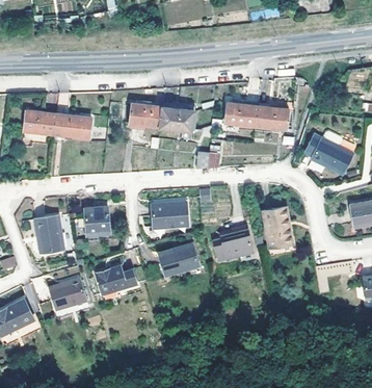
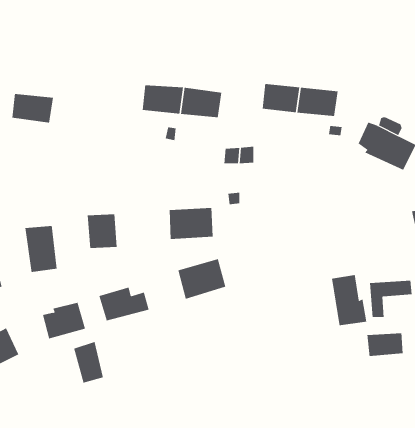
building: [54,113,91,137] -> none
building: [263,209,292,251] -> [331,275,367,326]
building: [212,231,251,262] -> none
building: none -> [367,333,403,357]
building: none -> [73,341,104,384]

